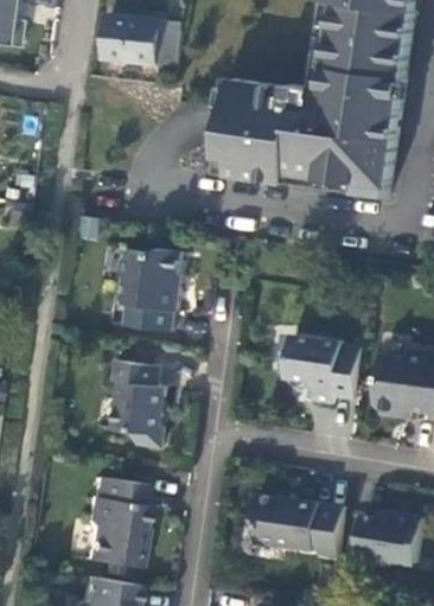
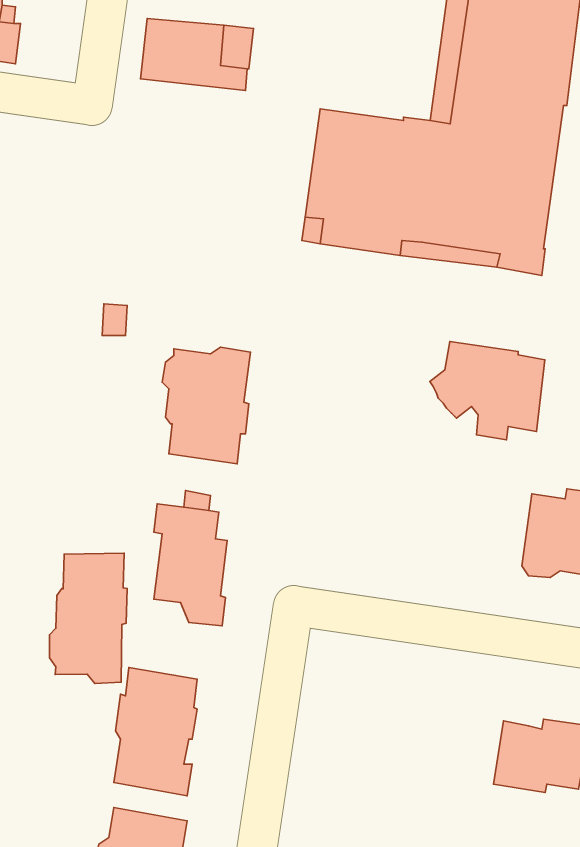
building: [276,334,358,404] -> [430,341,545,440]
building: none -> [49,553,127,683]
building: [253,493,344,550] -> none

